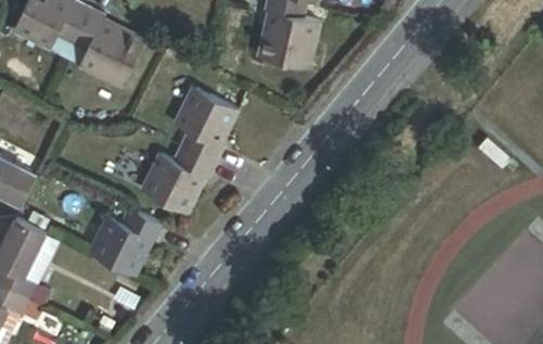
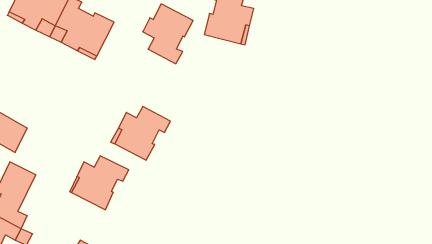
building: [173,89,236,164] -> [143,4,193,64]

